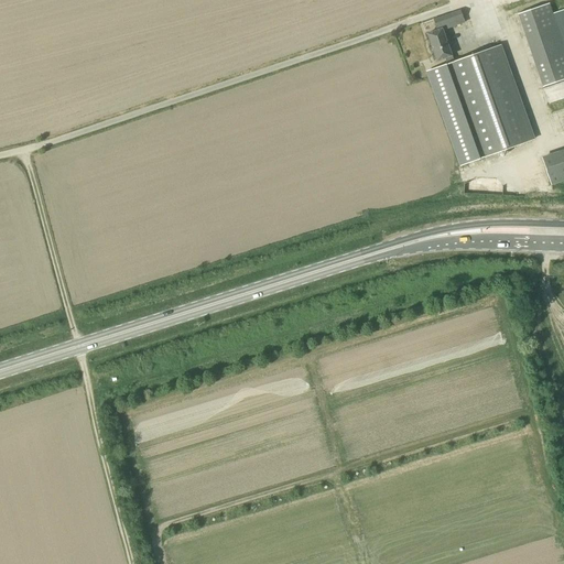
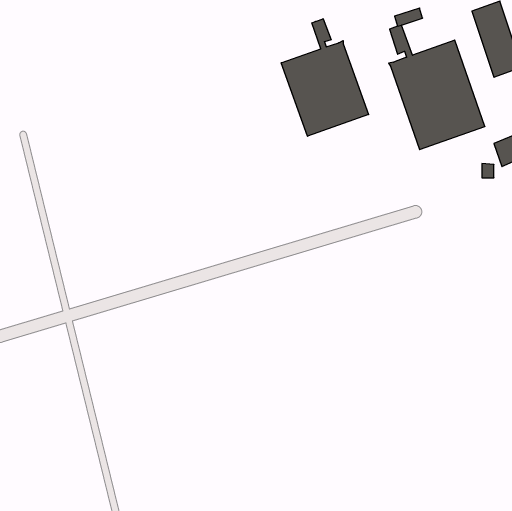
building: none -> [281,19,369,136]

